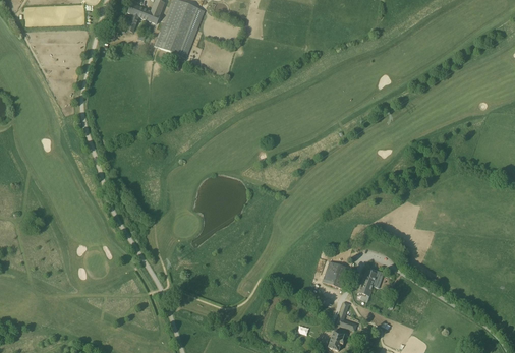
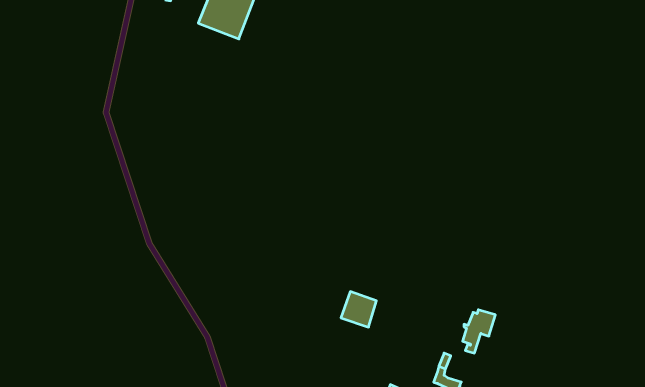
building: [323,260,350,288] -> [341,292,376,327]

